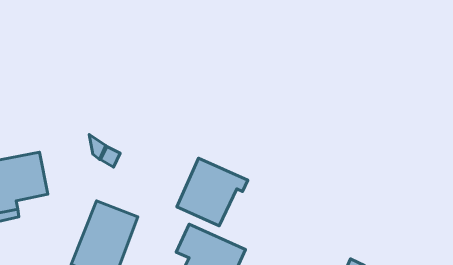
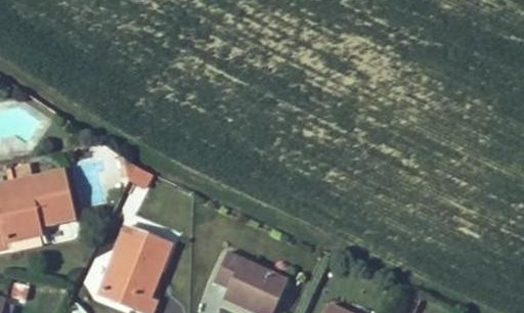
building: [177,158,248,226] -> none

